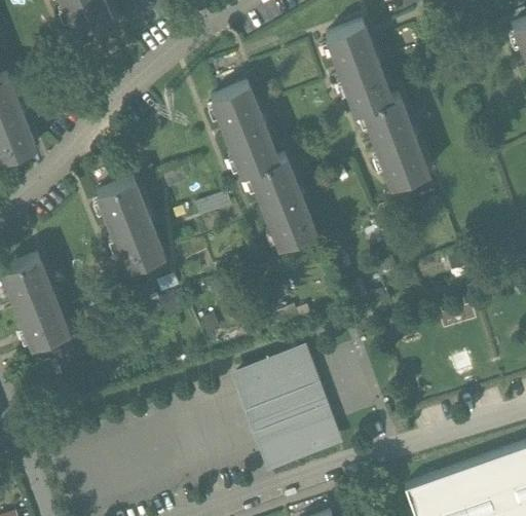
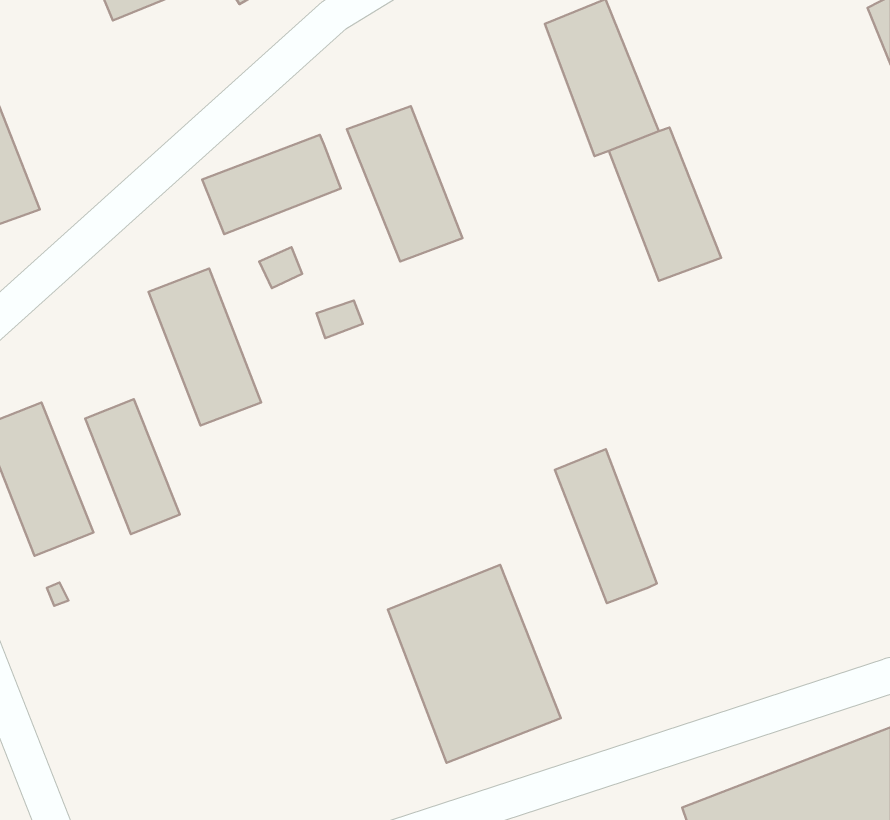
building: none -> [202,135,341,234]
building: [251,158,315,248] -> none
building: none -> [85,399,180,534]
building: none -> [555,449,657,603]

